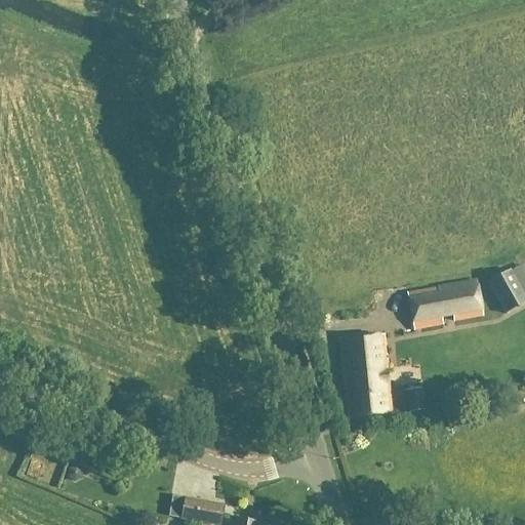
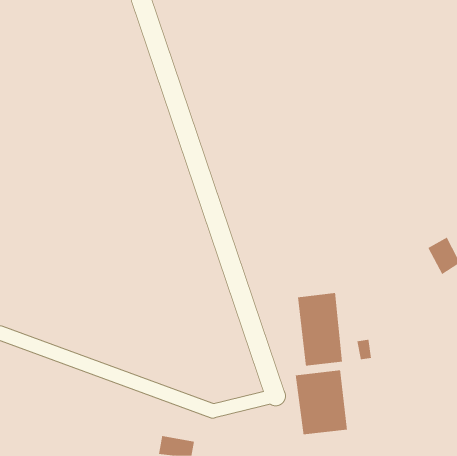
building: [407,277,483,328] -> none
building: none -> [295,369,347,435]

